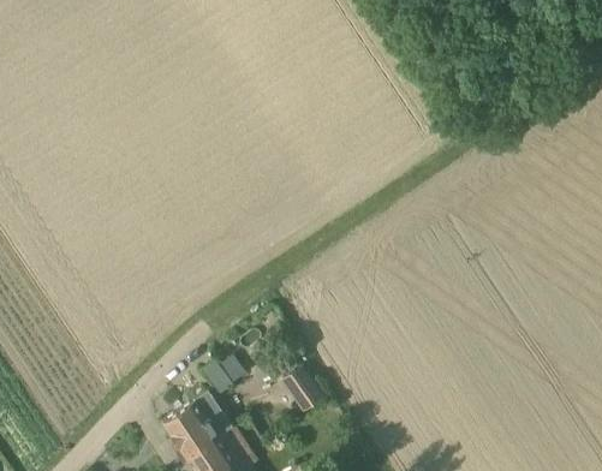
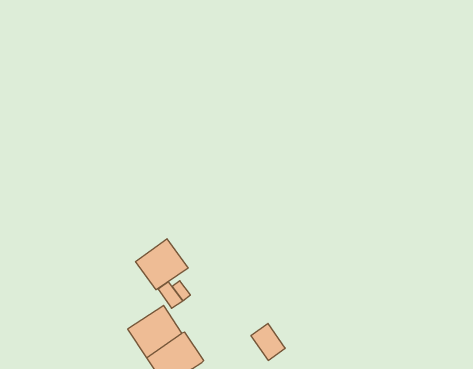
building: none -> [136,239,188,290]
building: [281,364,324,411] -> [251,323,285,360]

